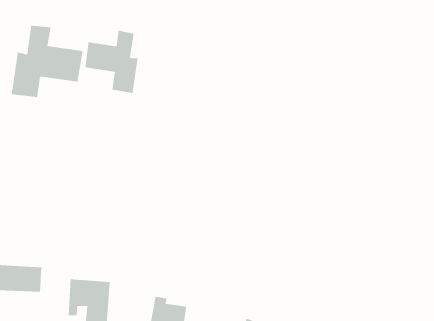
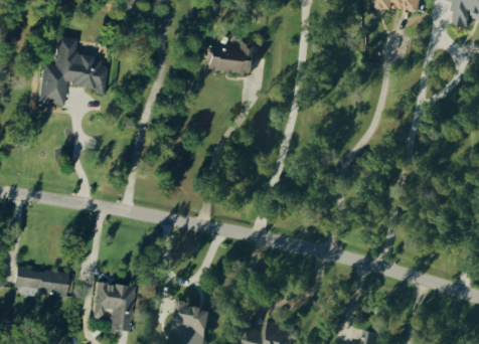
building: none -> [206,39,253,71]
building: [85,30,138,94] -> none

